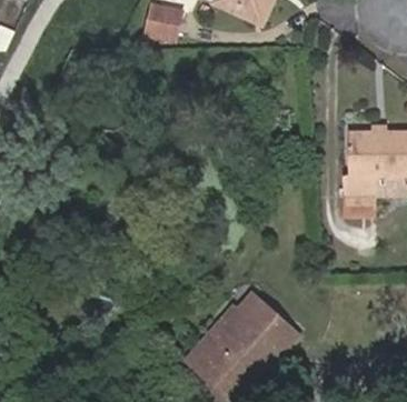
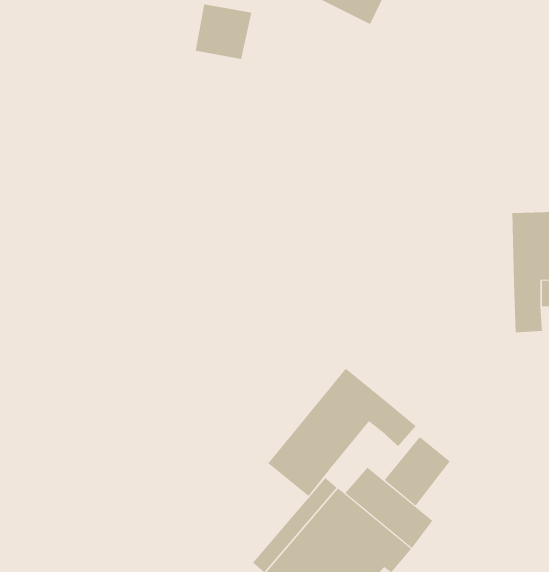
building: none -> [267,368,416,497]
building: none -> [384,436,450,506]

